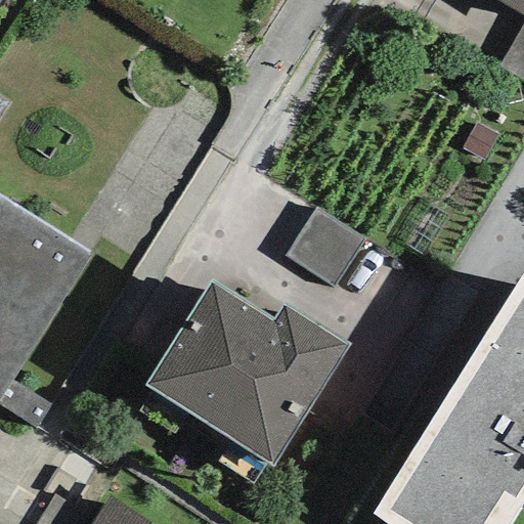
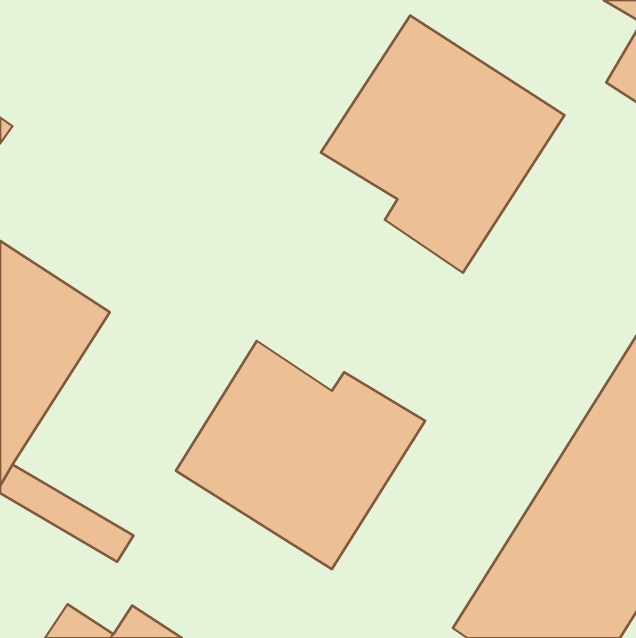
building: none -> [321,15,564,273]
building: [285,208,365,288] -> none

